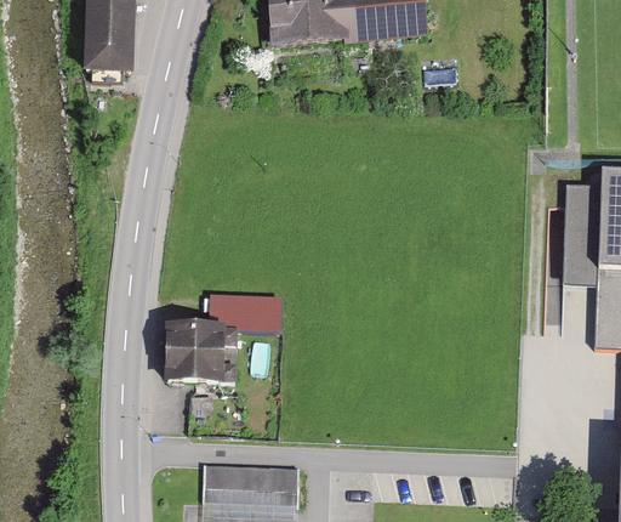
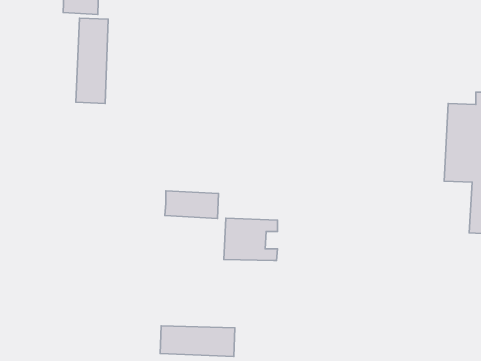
building: none -> [76,18,108,103]
building: [165,328,233,381] -> [224,218,278,260]

